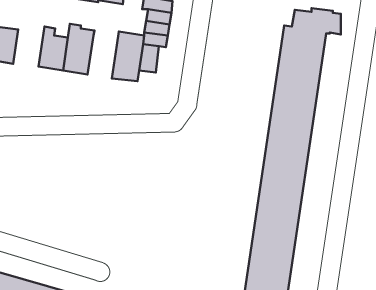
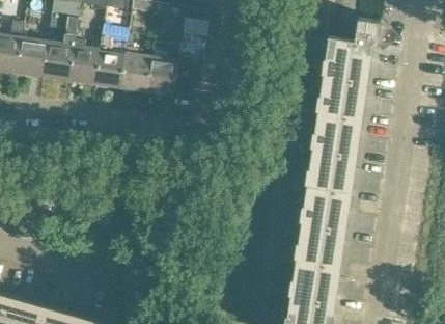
building: none -> [39,19,75,80]
building: none -> [118,47,149,92]

